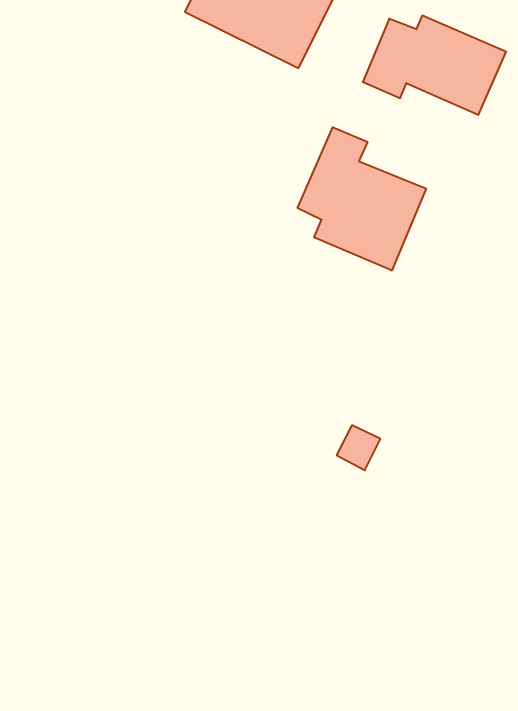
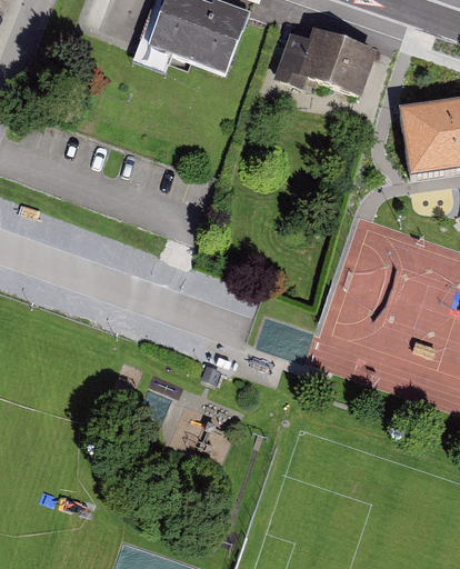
building: [298,127,426,271] -> none

